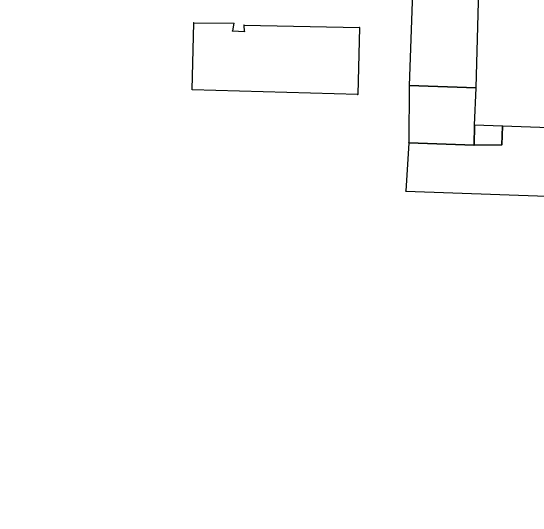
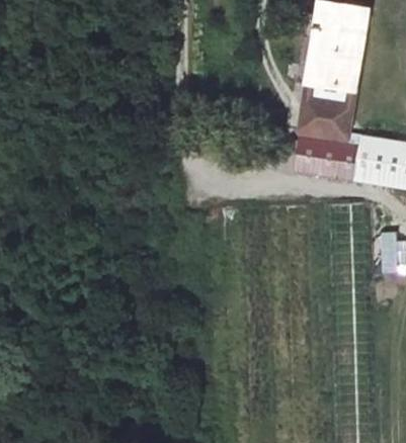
building: [192,23,359,95] -> none

